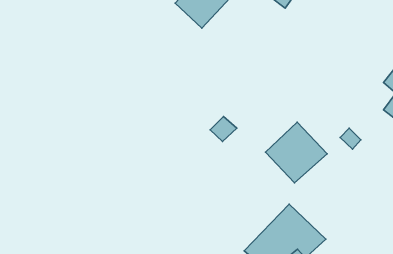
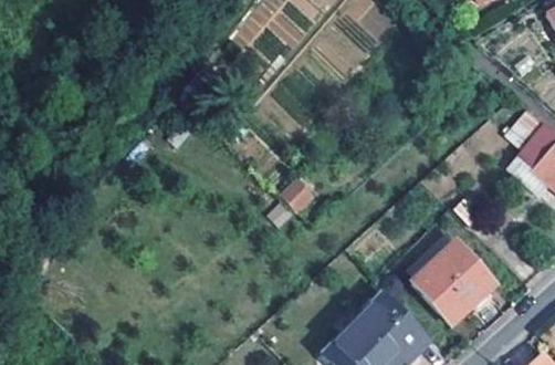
building: [265,122,327,183] -> [418,240,500,321]

